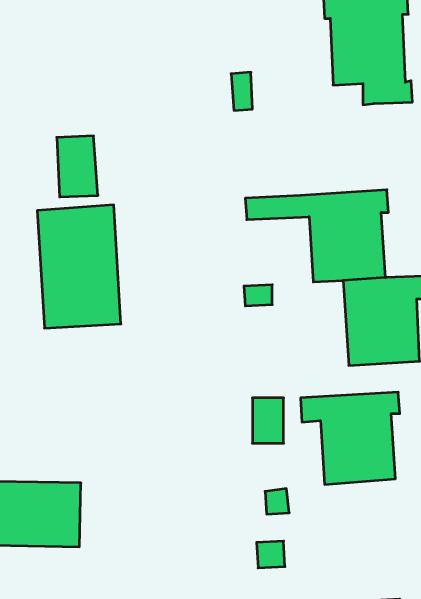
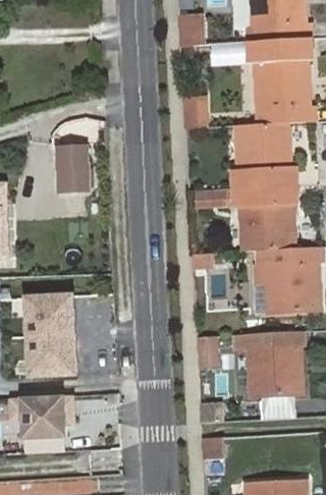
building: none -> [231,123,294,189]
building: [37,205,121,328] -> [25,290,86,379]

